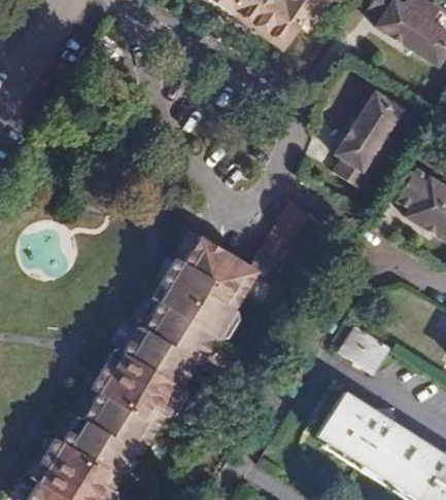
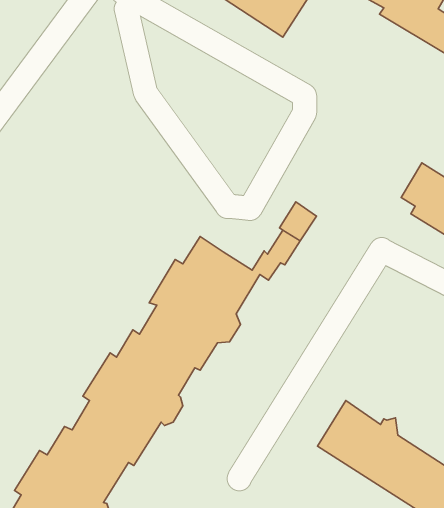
building: [332,88,402,187] -> none
building: [339,327,386,370] -> none

